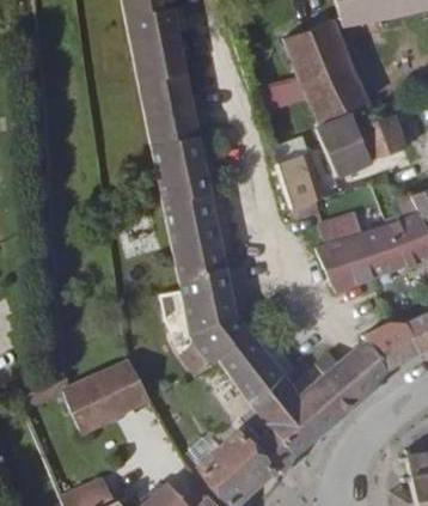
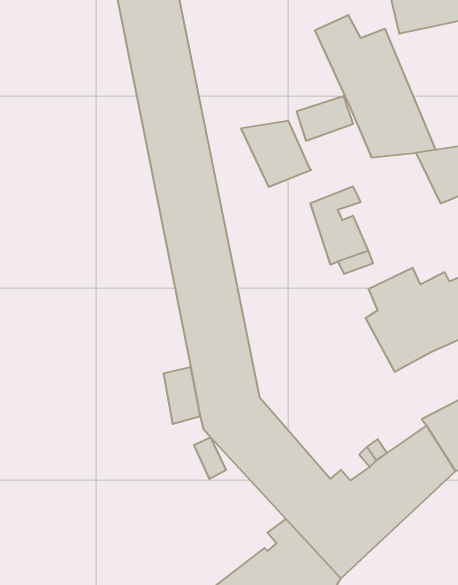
building: [319,127,374,178] -> [241,121,311,187]
building: [65,364,148,434] -> none

